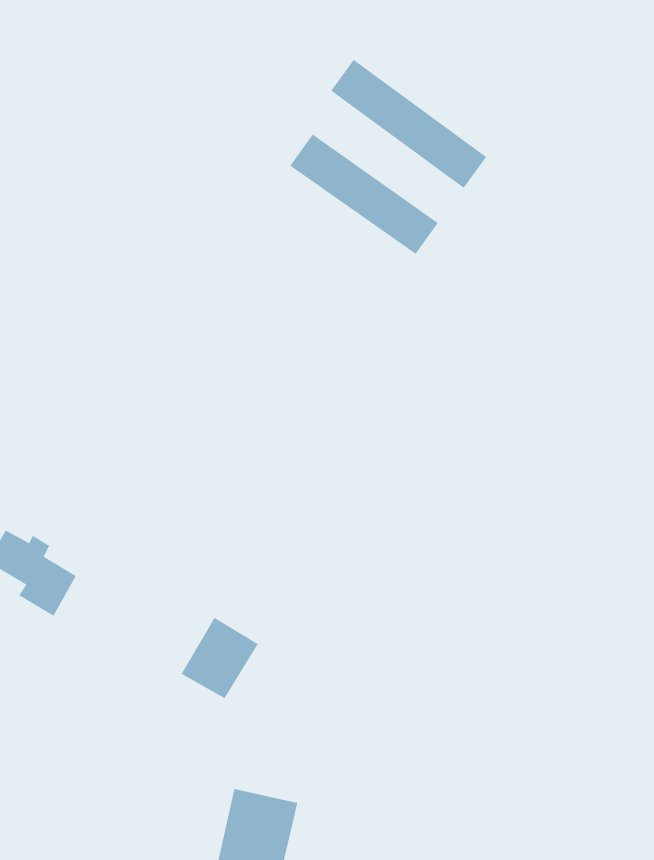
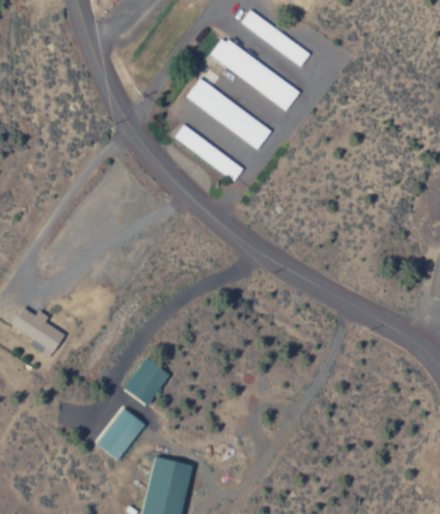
building: none -> [242,10,309,61]
building: none -> [174,126,245,181]
building: none -> [96,409,145,460]

